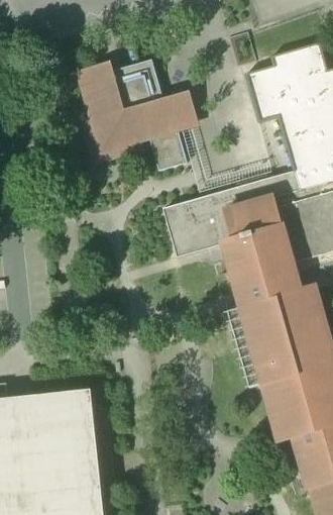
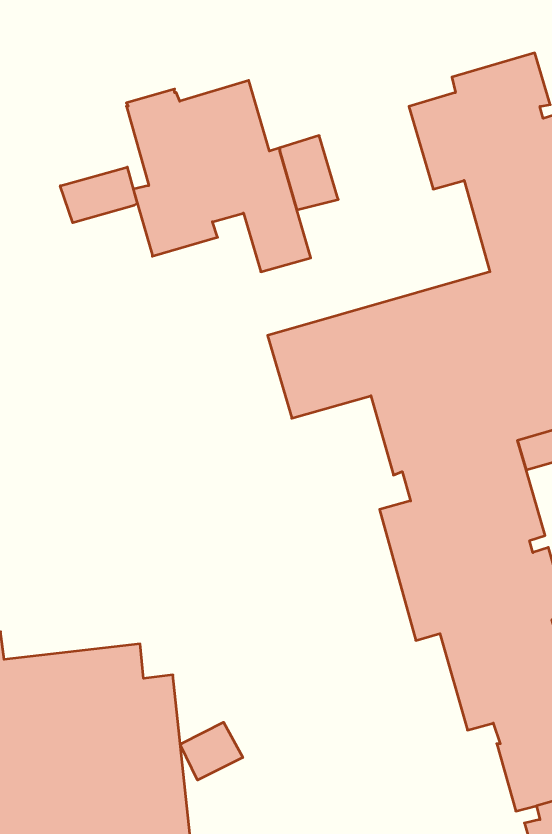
building: none -> [60,167,137,223]
building: none -> [180,722,243,780]

